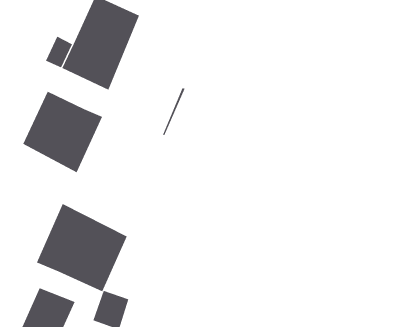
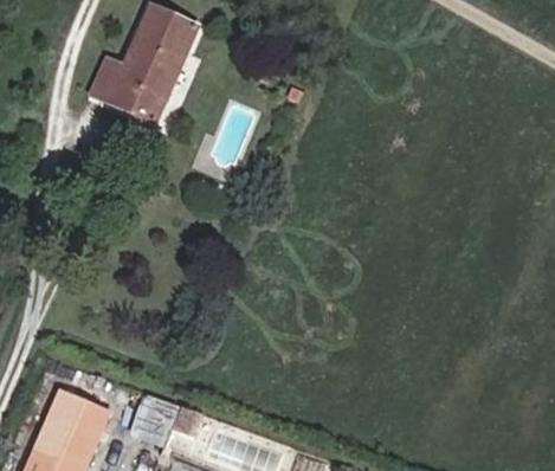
building: [23,91,103,173] -> none
building: [36,203,127,292] -> none

